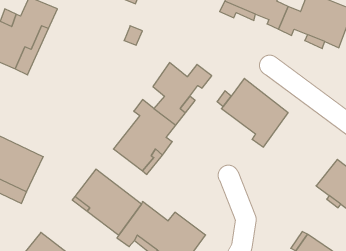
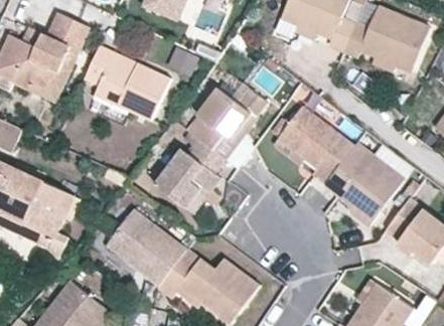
building: none -> [85,45,170,119]
building: none -> [326,143,405,224]

